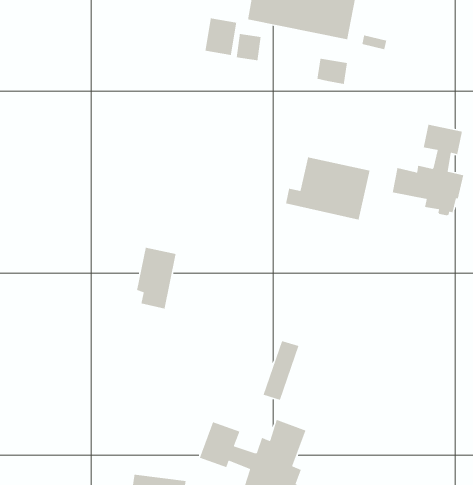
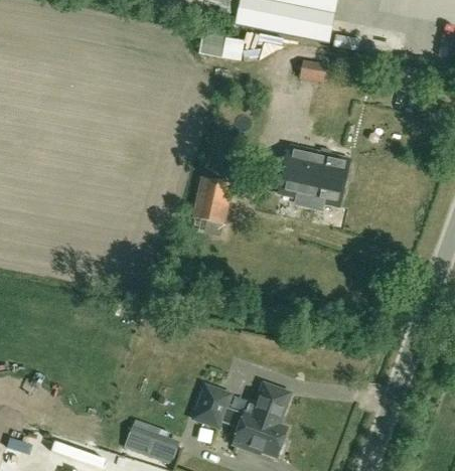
building: [392,124,464,216] -> none
building: [136,247,176,309] -> [194,177,231,233]
building: [263,340,299,401] -> none

